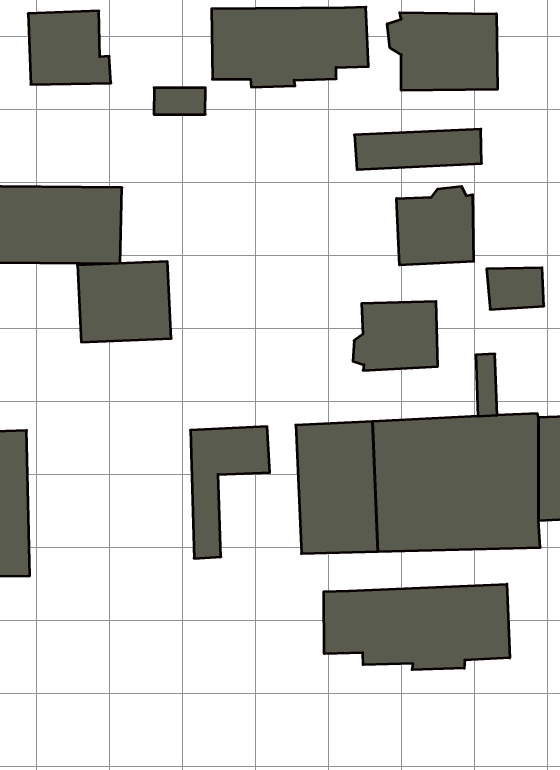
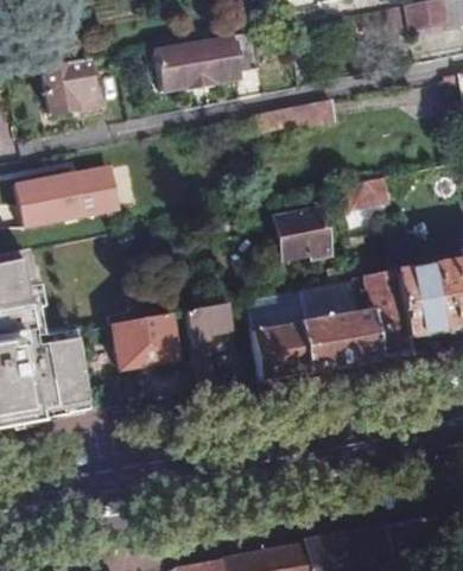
building: [387,13,497,90] -> none
building: [397,186,474,265] -> none
building: [77,262,171,342] -> [112,316,177,374]
building: [324,584,510,670] -> none

